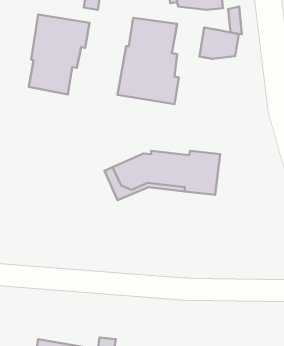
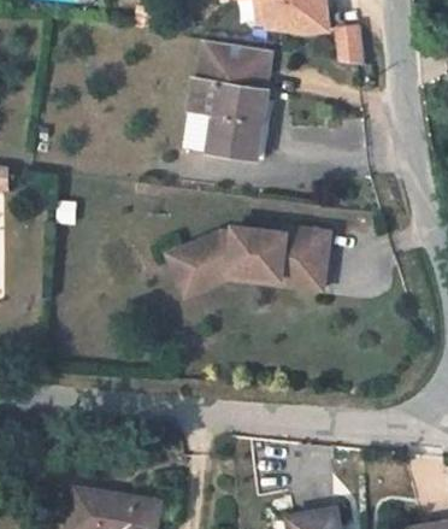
building: [29,14,89,95] -> none
building: [199,28,239,59] -> none

